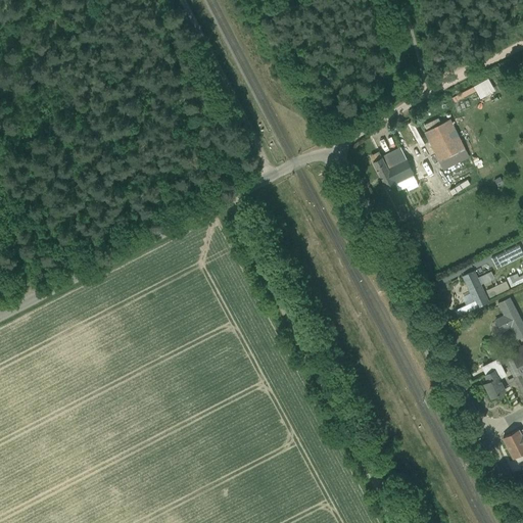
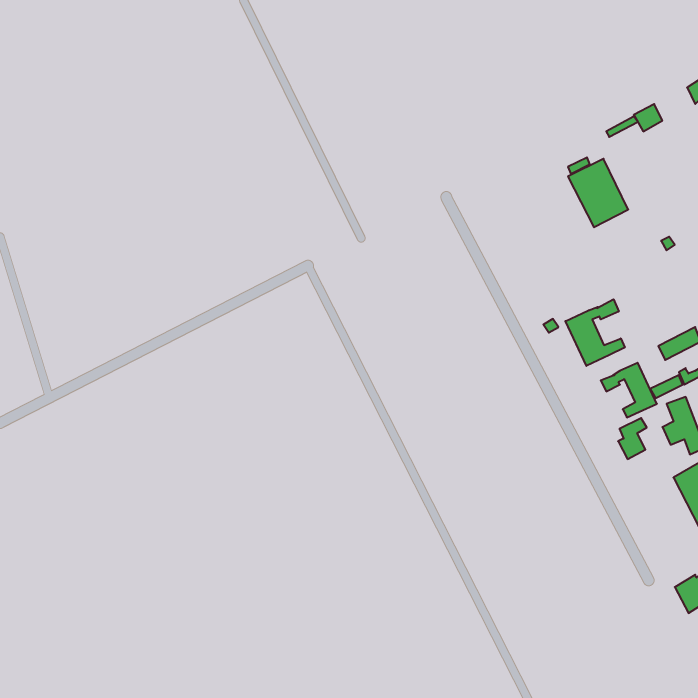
building: [374,149,419,192] -> none
building: none -> [565,299,625,366]
building: [485,368,507,398] -> [618,418,647,459]

